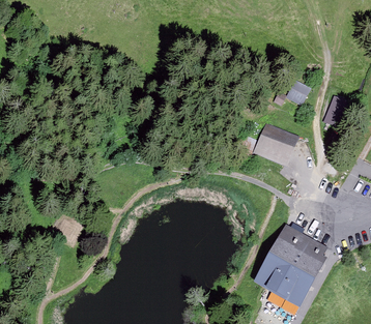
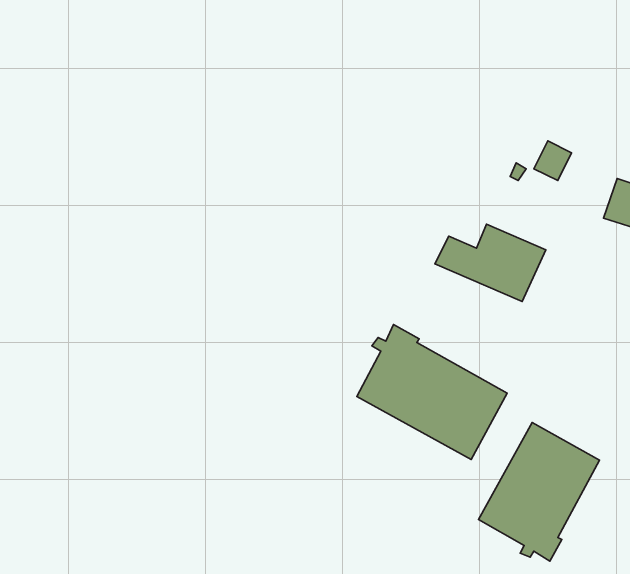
building: none -> [357,325,507,460]

